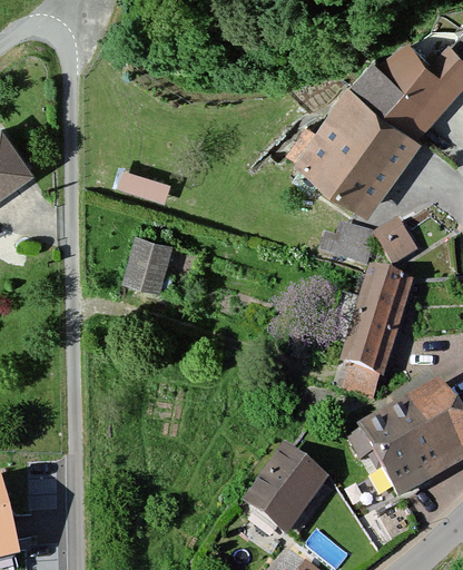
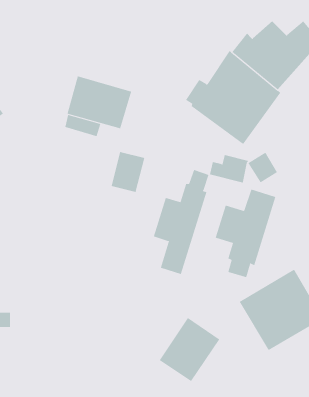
building: none -> [67,76,132,129]
building: [125,234,173,291] -> [111,152,145,192]
building: none -> [153,169,209,275]

